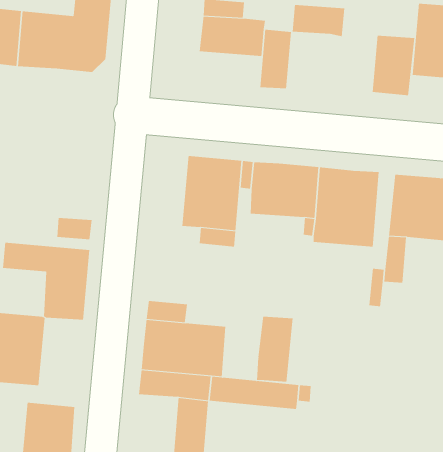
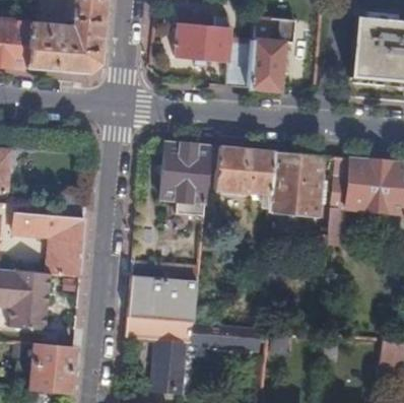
building: [372,35,415,96] -> [248,41,283,90]
building: [256,316,293,383] -> none

